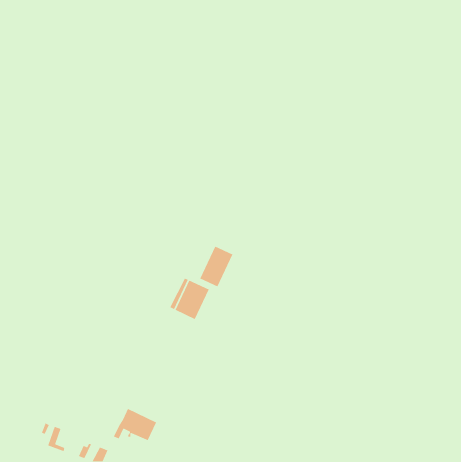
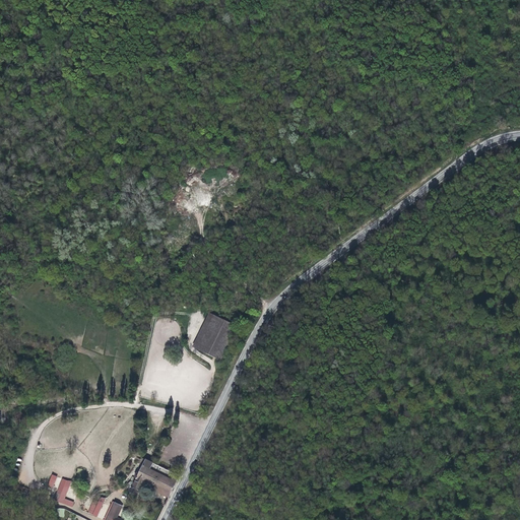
building: [199,246,233,287] -> none

